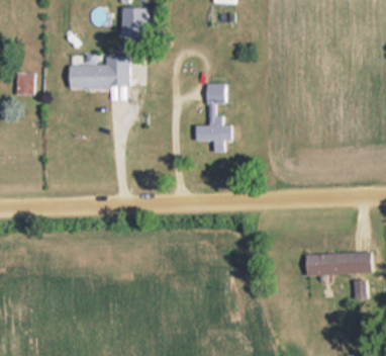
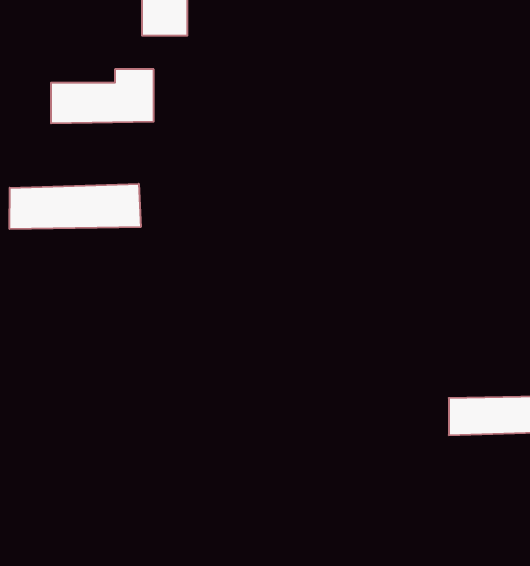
building: [194,84,232,143] -> none
building: none -> [10,184,141,229]

